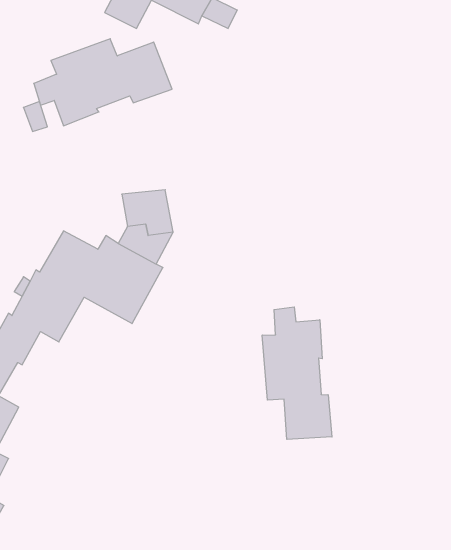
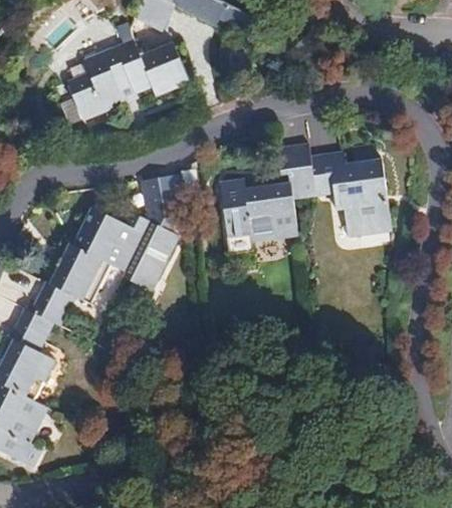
building: none -> [220,145,390,240]
building: [262,307,332,439] -> none

